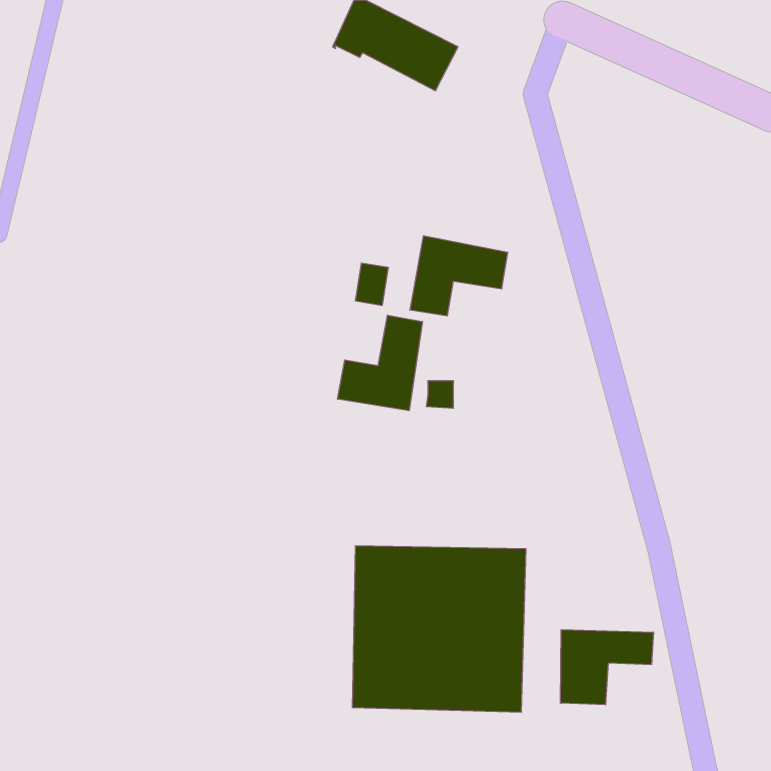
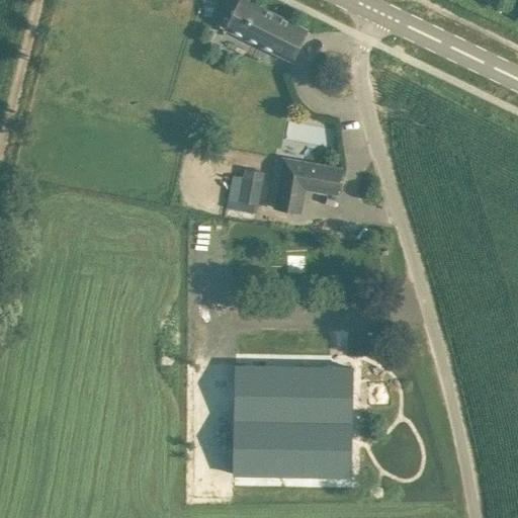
building: [338,315,422,411] -> none
building: [561,630,653,705] -> none

